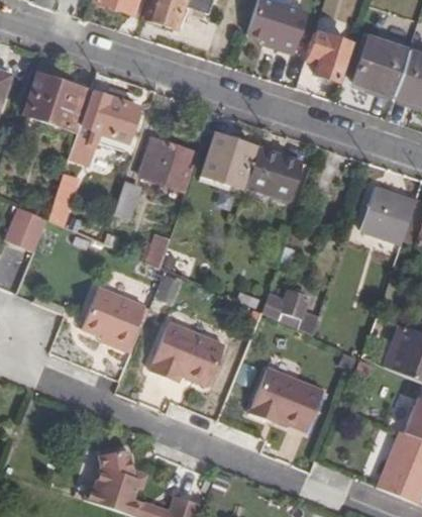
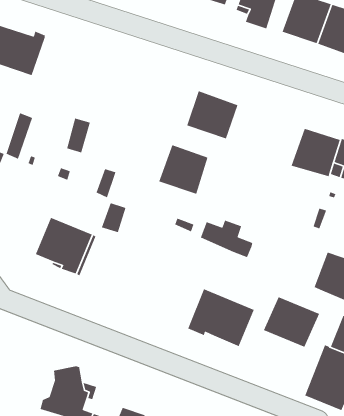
building: [72,91,137,151] -> none
building: [199,132,254,188] -> [158,144,209,195]
building: [141,140,198,191] -> none
building: [149,320,222,383] -> none
building: none -> [263,296,320,348]

